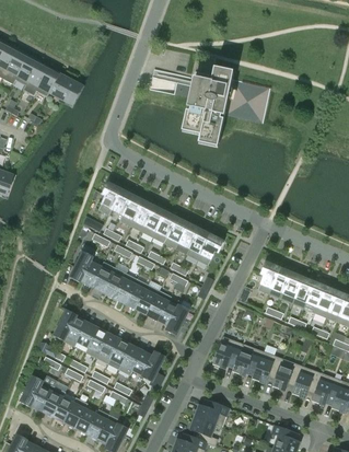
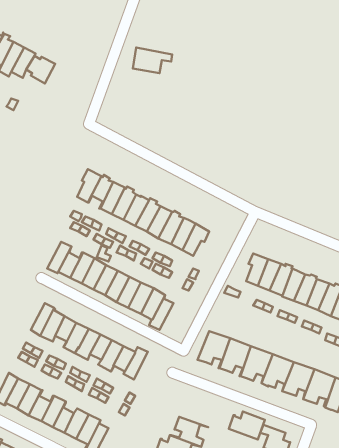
building: [181,68,269,148] -> none
building: [194,401,228,427] -> [229,412,265,439]

